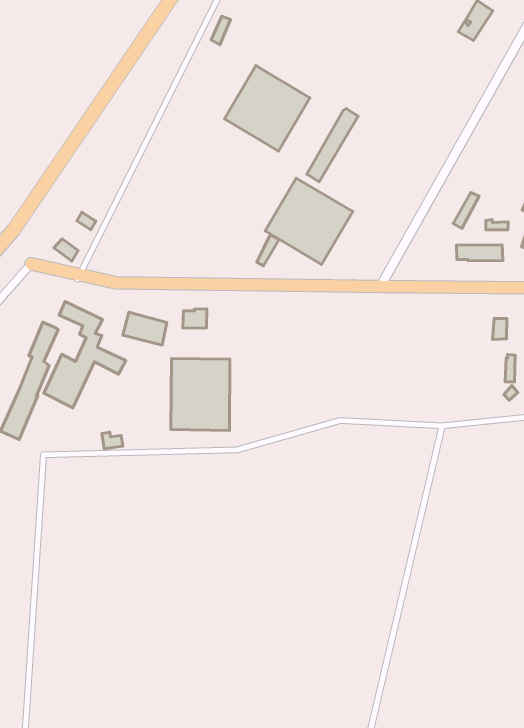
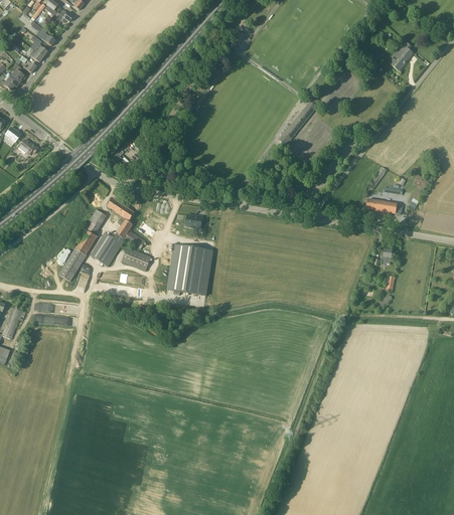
building: [225,66,310,151] -> none
building: [265,178,353,265] -> none
building: [123,312,167,345] -> [122,246,151,271]

